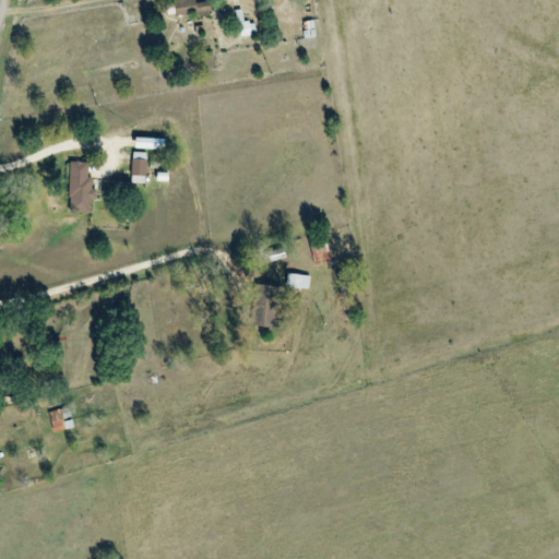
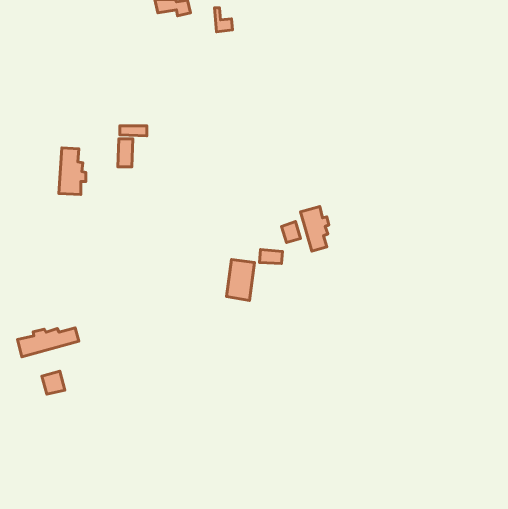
building: none -> [300,207,329,251]
building: none -> [17,328,79,357]

